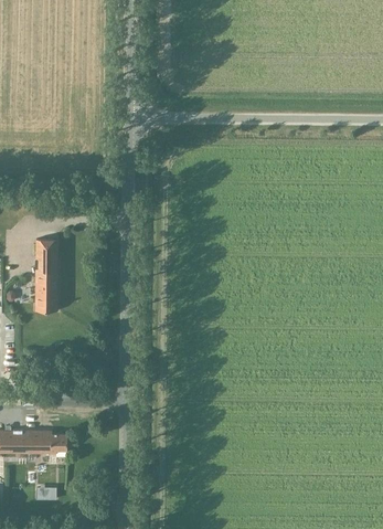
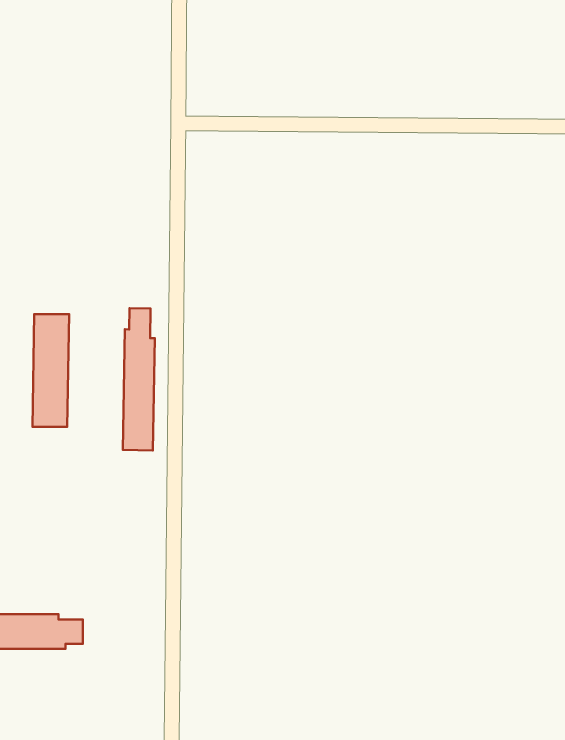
building: none -> [123,308,155,450]

